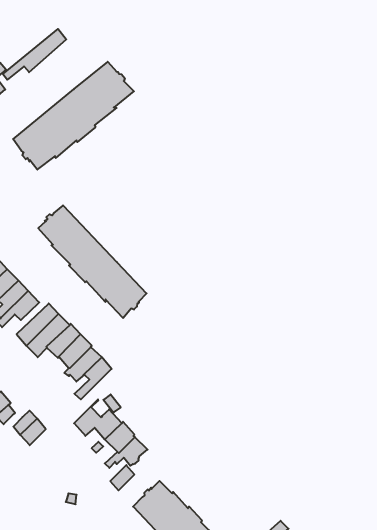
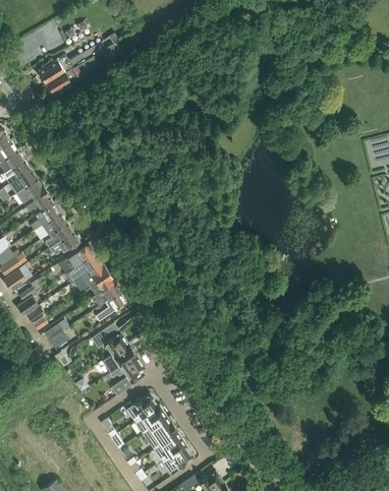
building: [13,62,134,170] -> none
building: [38,205,147,318] -> none

